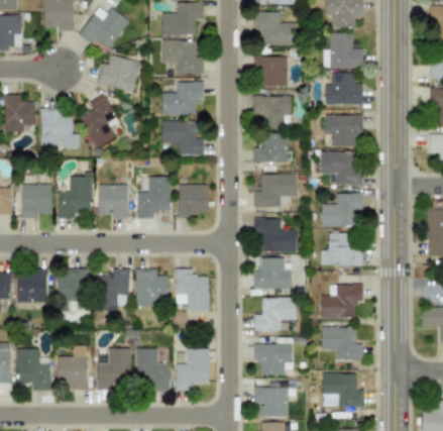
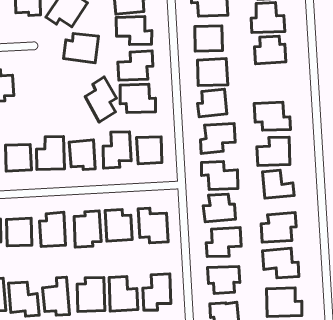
building: [80,94,117,147] -> [85,77,116,122]
building: [41,108,79,147] -> none
building: [325,114,362,145] -> none

